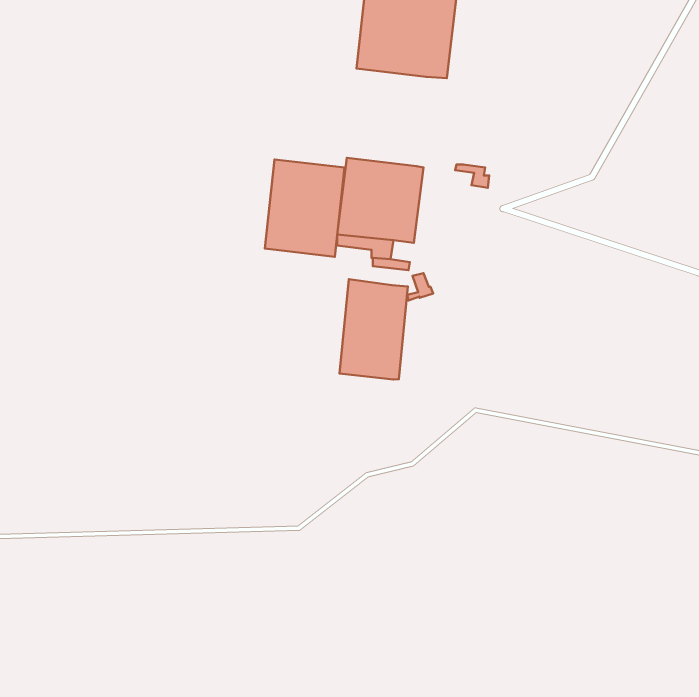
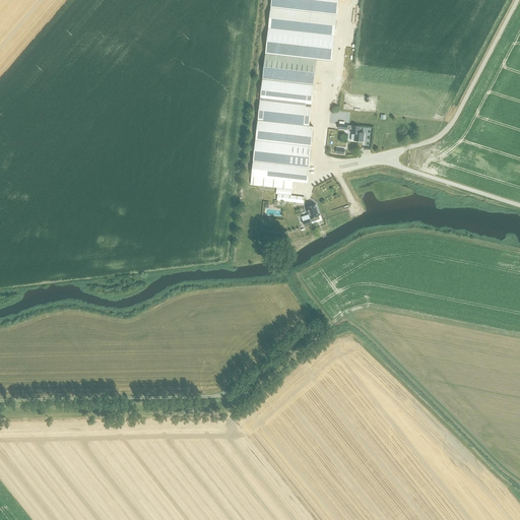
building: [265,159,344,257] -> [257,51,316,123]
building: [340,279,408,379] -> none

